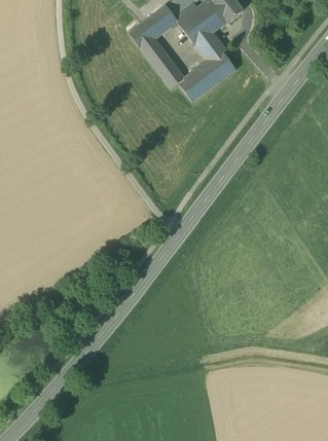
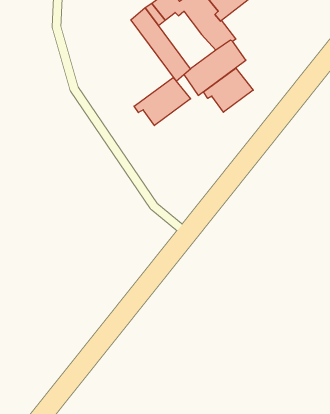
building: none -> [203,68,253,112]
building: none -> [134,77,191,126]

